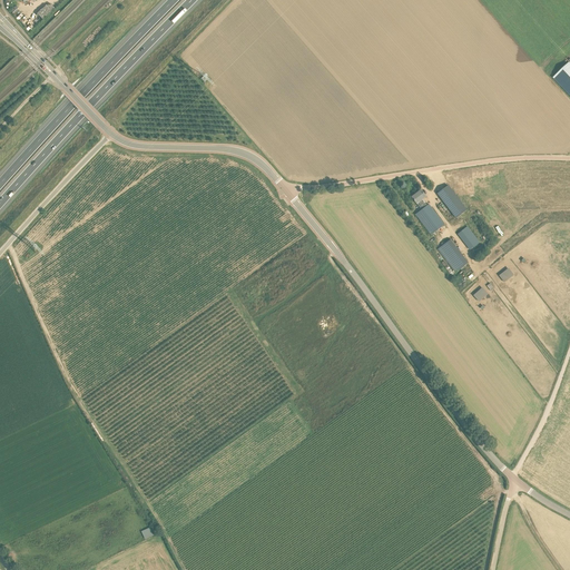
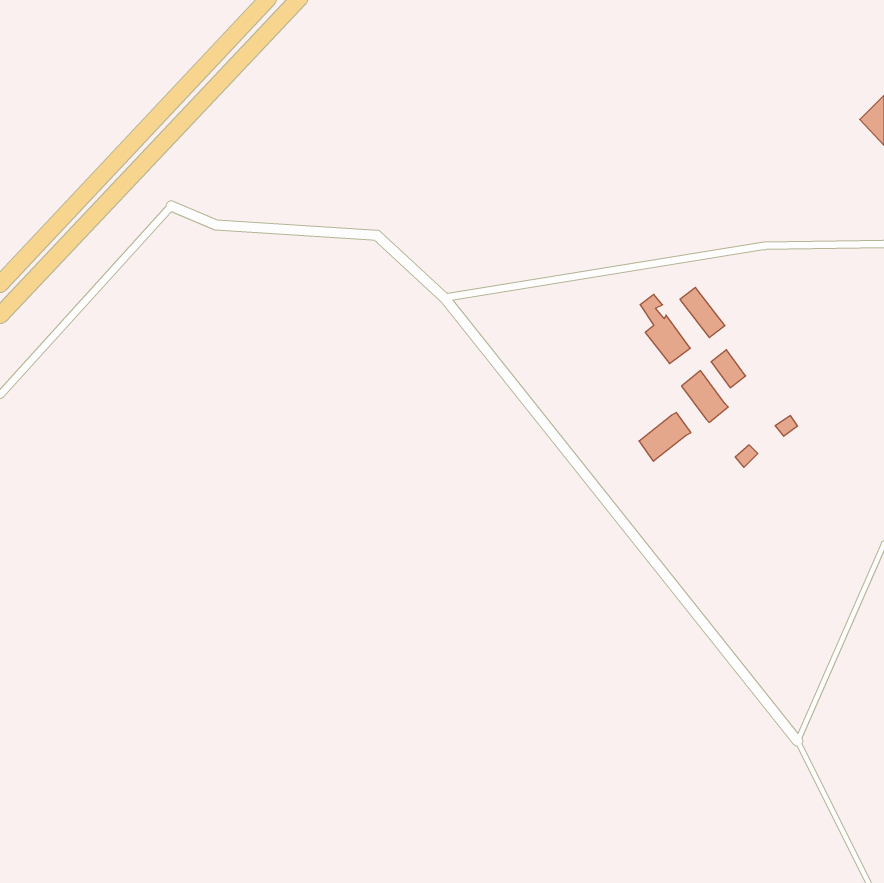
building: none -> [639,412,691,461]

